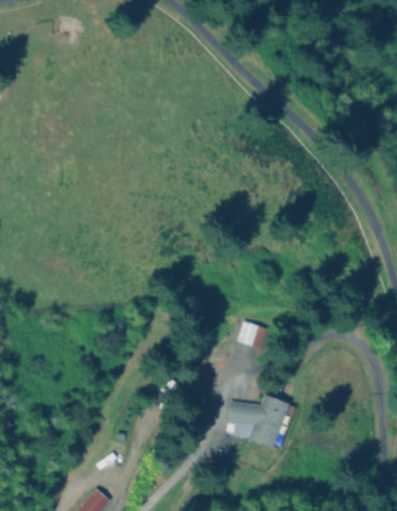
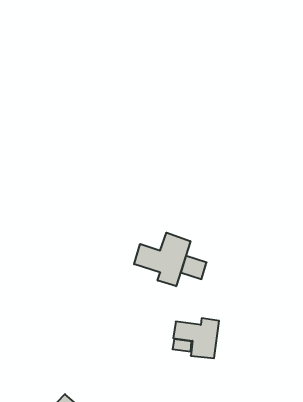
building: none -> [134,233,190,286]

